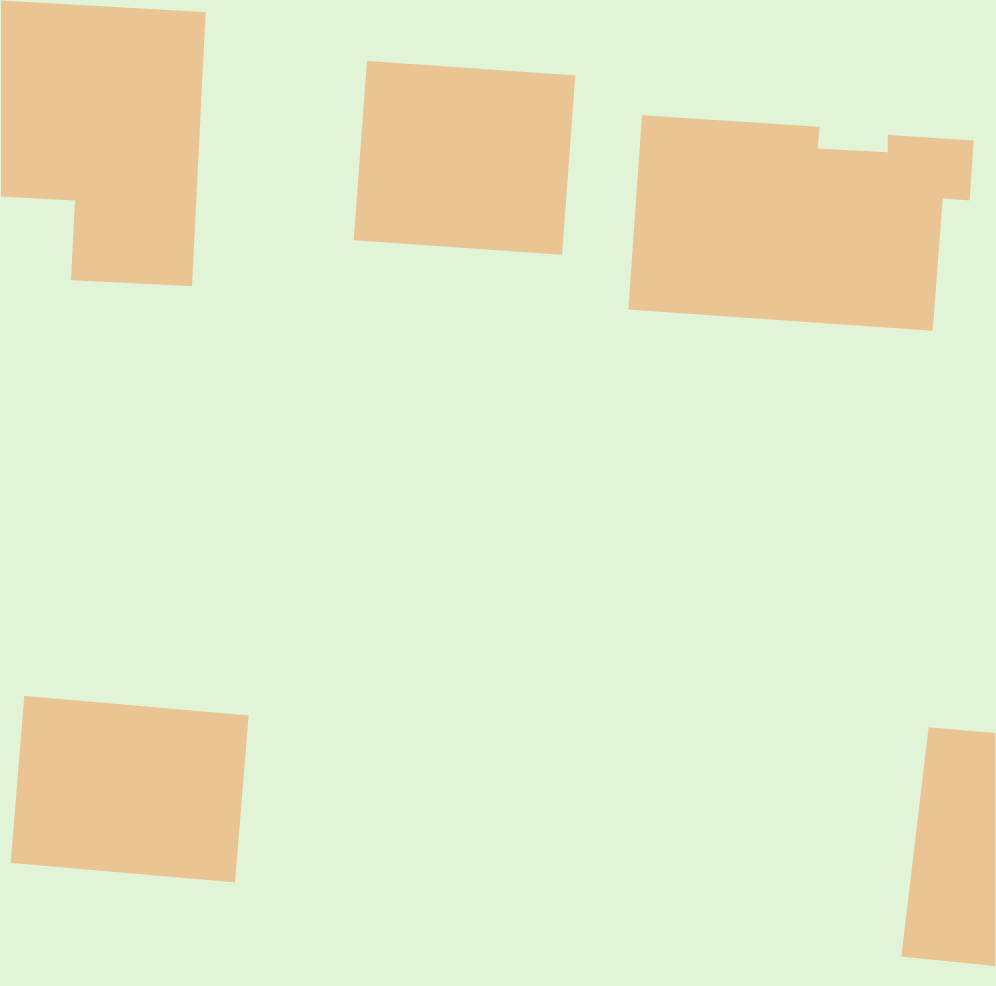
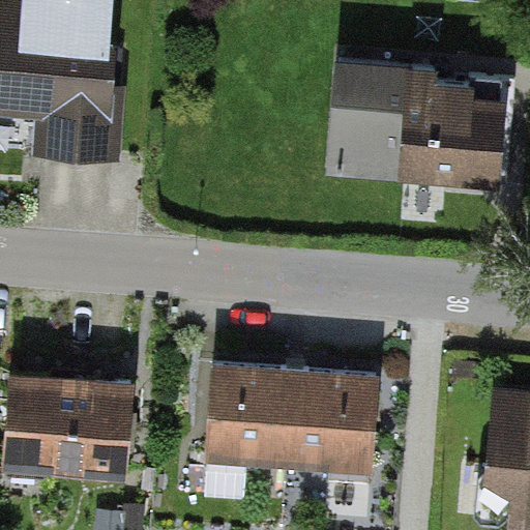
building: [353,60,576,256] -> none
building: none -> [206,365,379,500]

